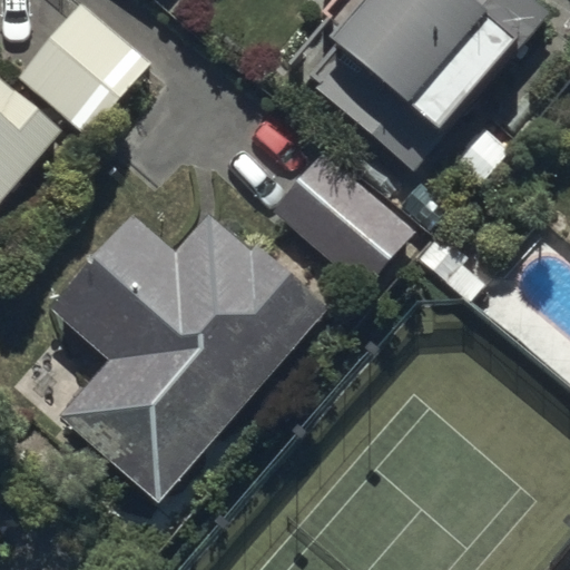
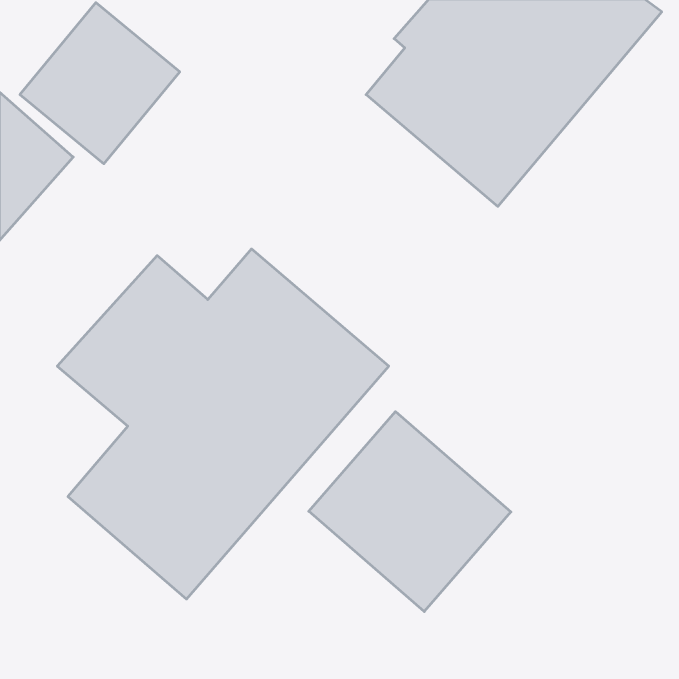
building: [274,150,413,286] -> none
building: none -> [309,412,511,612]

